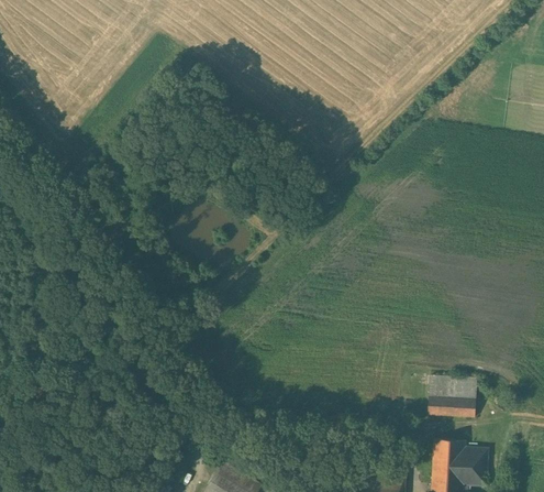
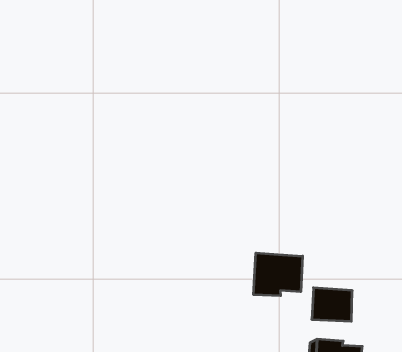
building: none -> [254,253,303,296]

